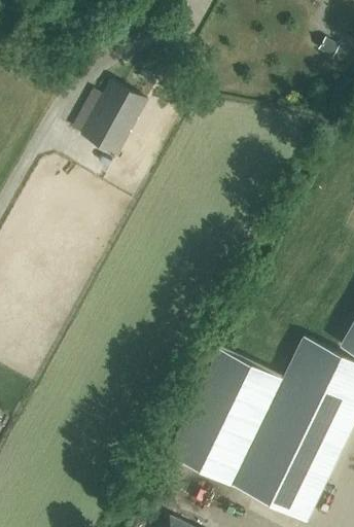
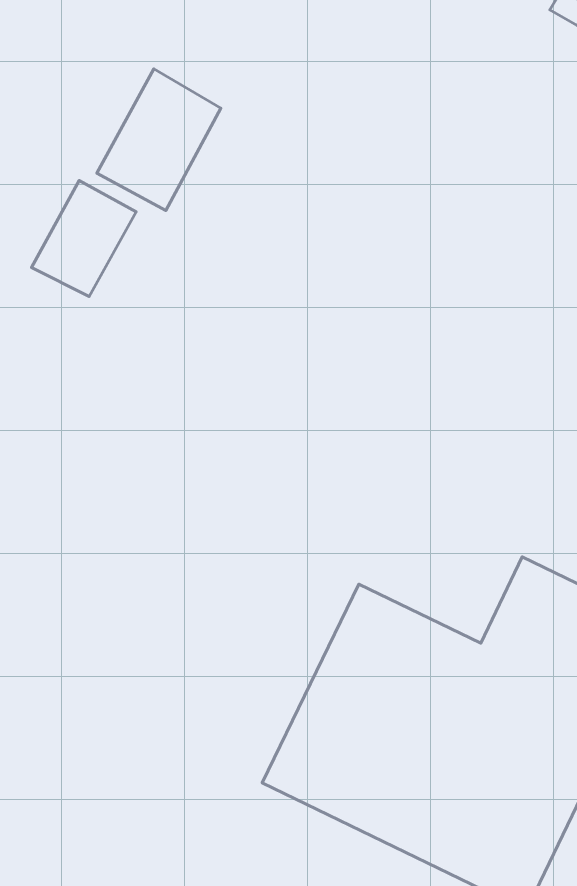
building: none -> [32,180,136,297]

